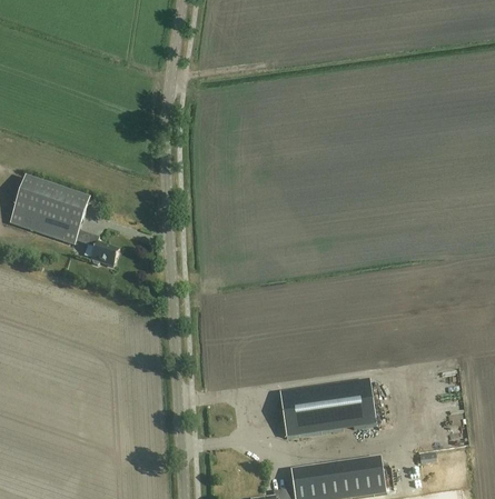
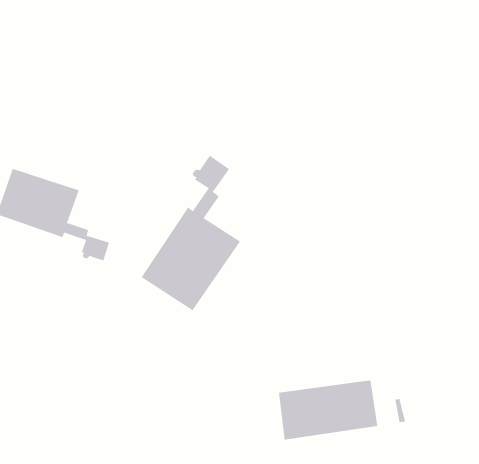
building: none -> [141,155,241,311]

